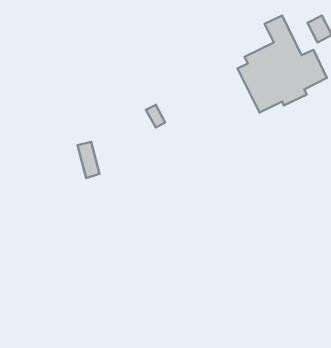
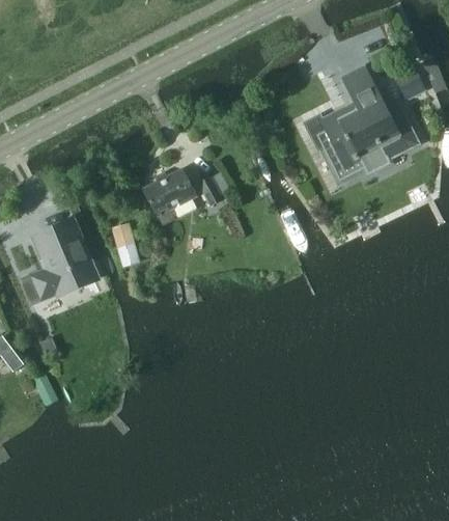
building: none -> [144,169,196,224]
building: none -> [32,219,94,296]

